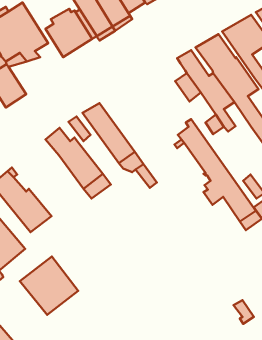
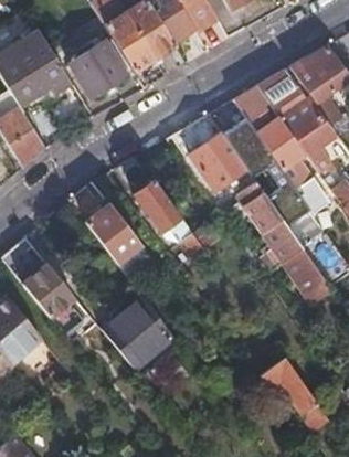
building: none -> [172,114,247,191]
building: [20,256,78,315] -> [102,295,174,368]
building: none -> [260,358,309,403]

